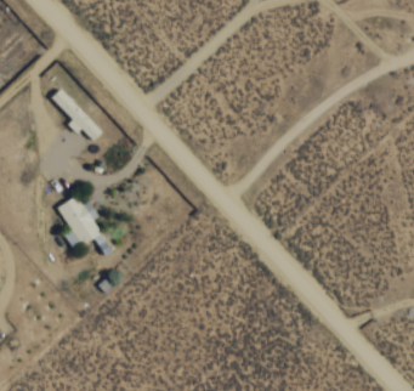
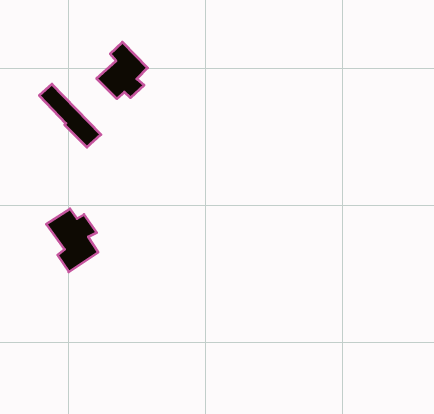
building: none -> [97,42,148,99]

